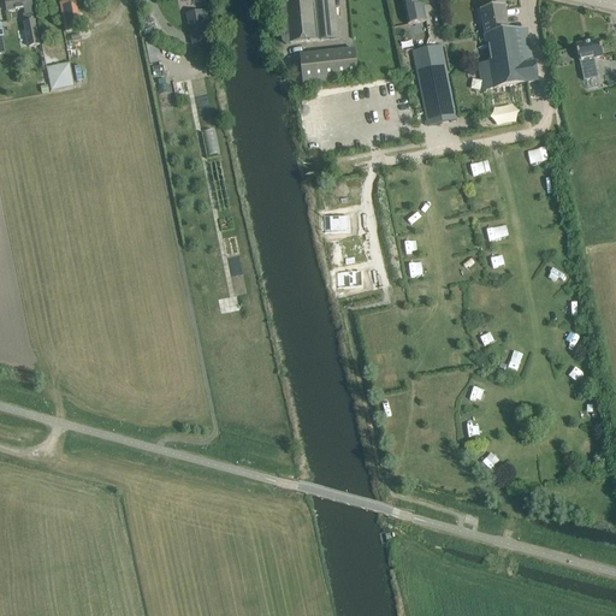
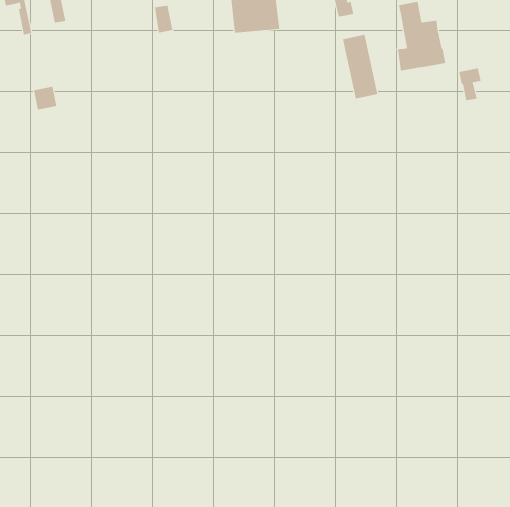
building: [574,36,602,76] -> [458,68,481,101]
building: [297,45,356,81] -> none
building: [45,58,73,87] -> [33,86,57,110]

